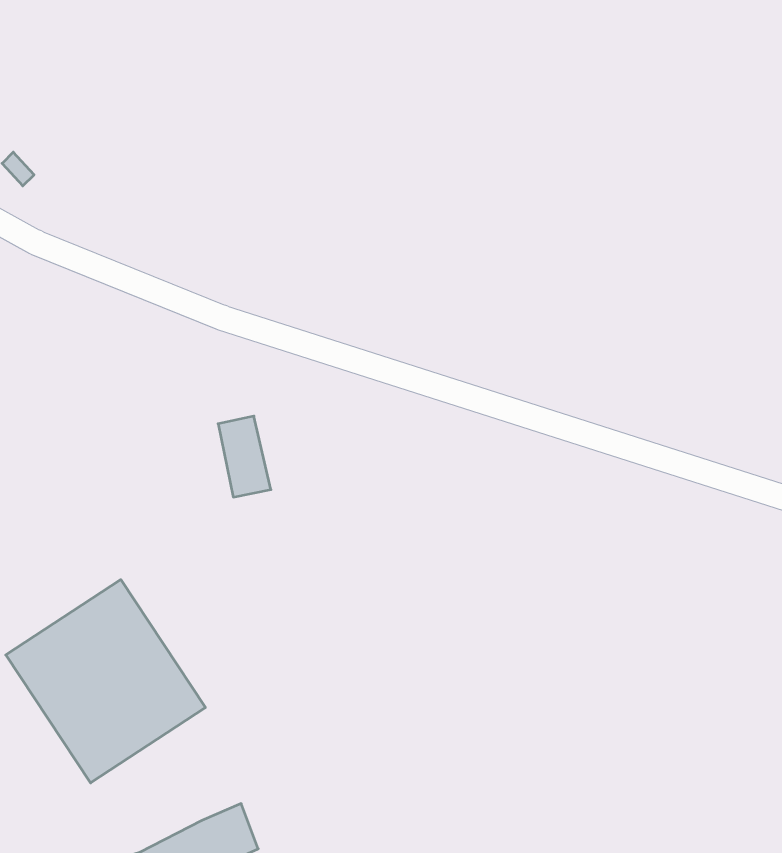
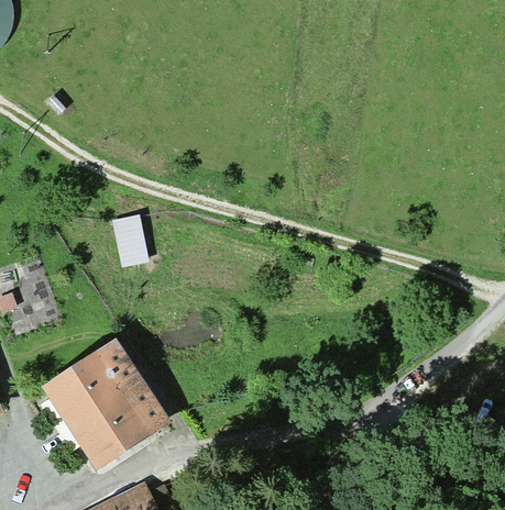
building: [218,416,271,497] -> [113,217,144,264]

